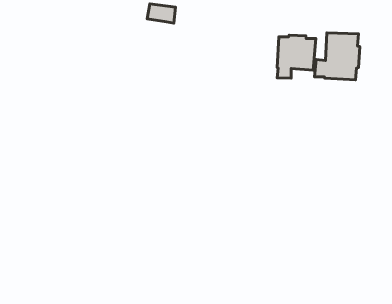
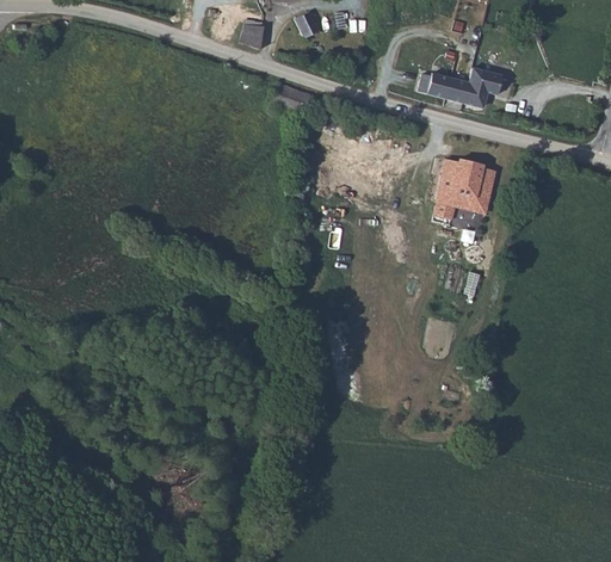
building: [315,33,360,80] -> none

